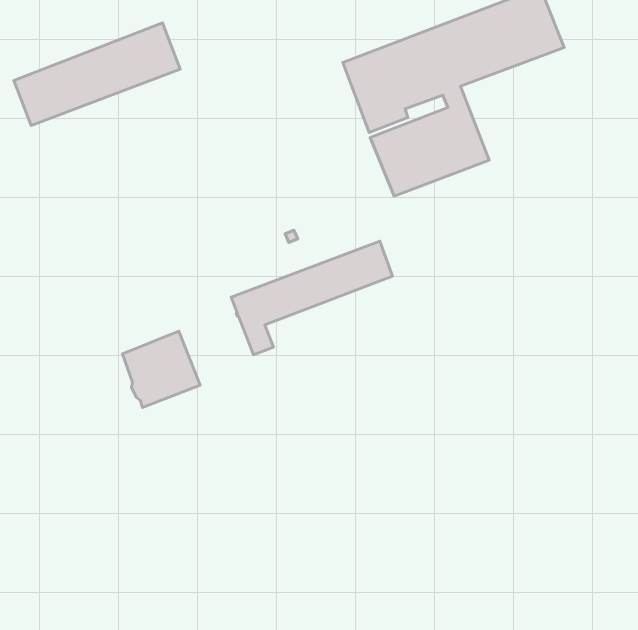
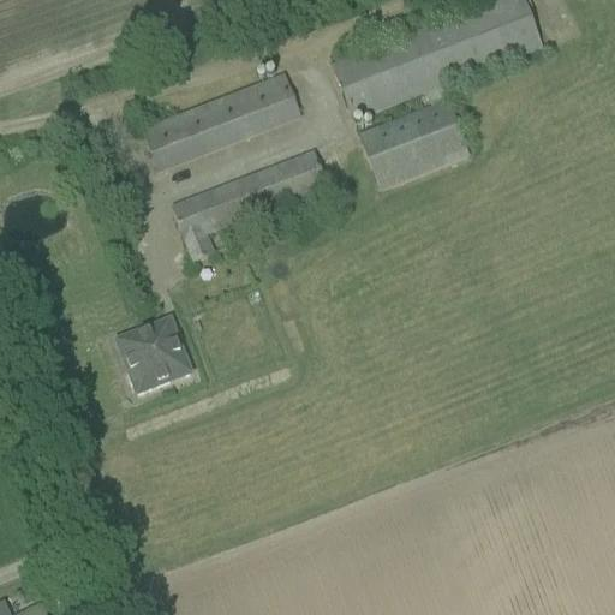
building: [14,23,180,125] -> [142,71,301,169]
building: [231,241,393,355] -> [173,151,328,261]

